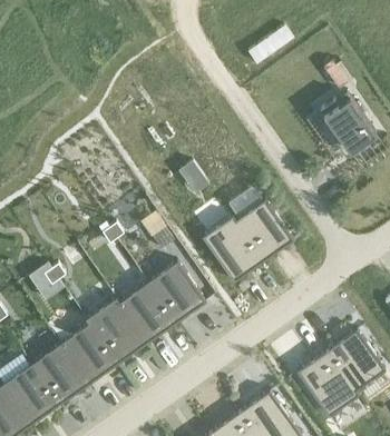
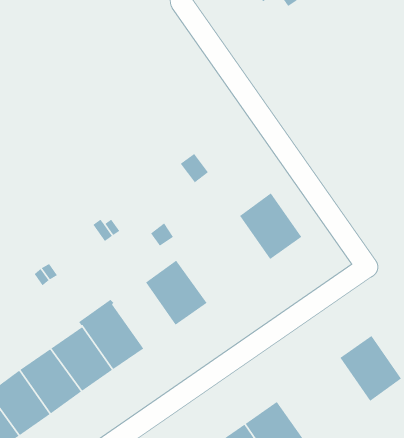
building: [320,91,374,151] -> none
building: [201,214,262,280] -> none
building: [116,280,174,341] -> none
building: [296,350,359,416] -> none

